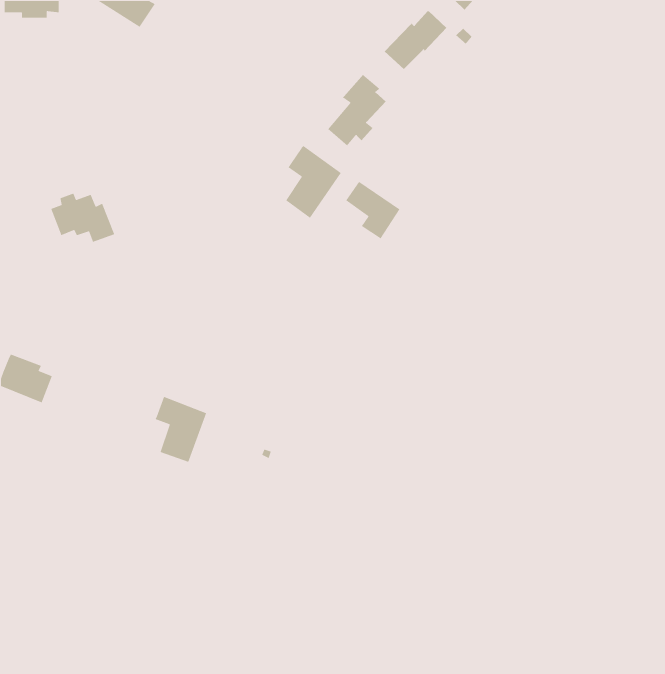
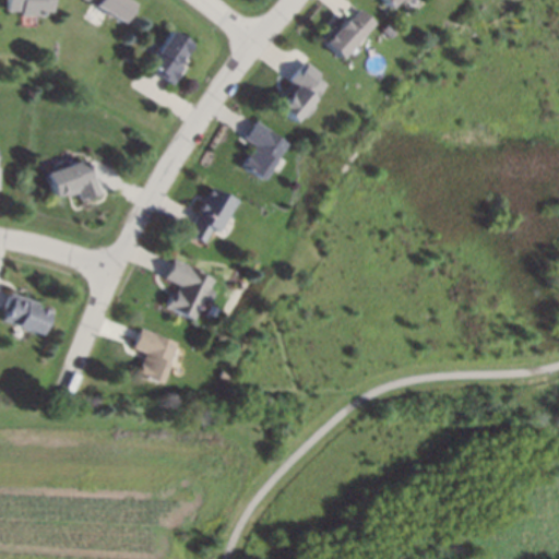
building: none -> [151,31,191,84]
building: [345,181,400,240] -> none
building: none -> [190,187,235,242]
building: none -> [167,260,215,320]

